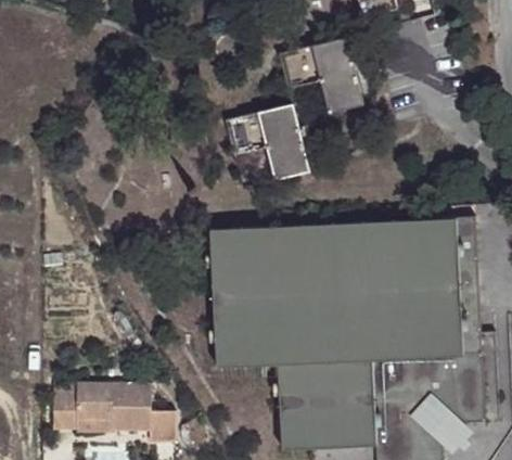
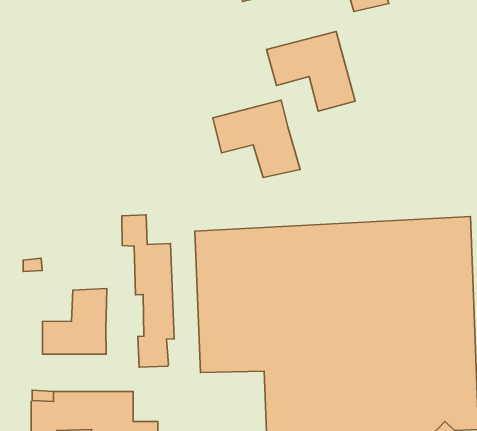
building: none -> [122,215,174,367]
building: none -> [42,288,107,354]

